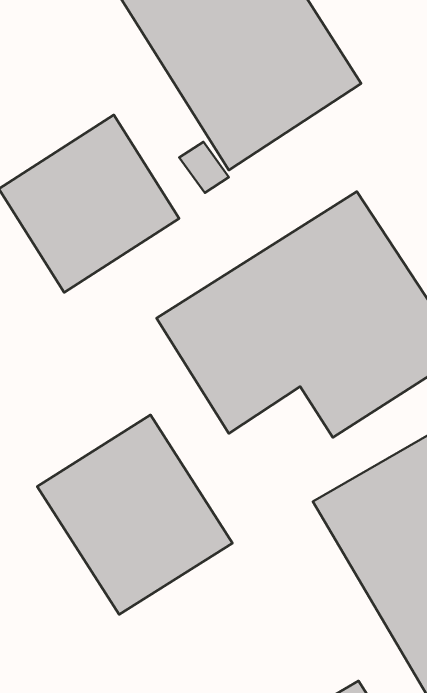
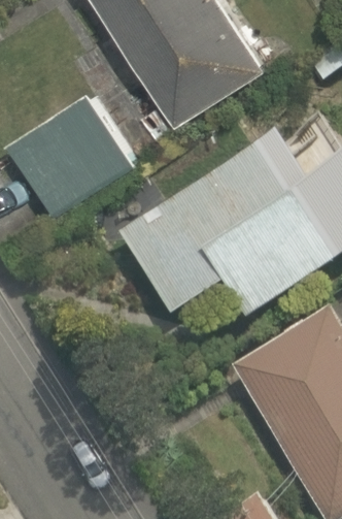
building: [37,415,233,615] -> none

